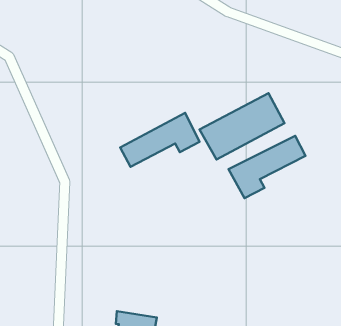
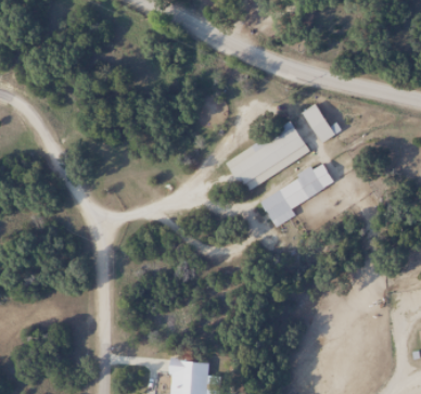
building: none -> [304,104,339,144]
building: [120,113,199,167] -> none

